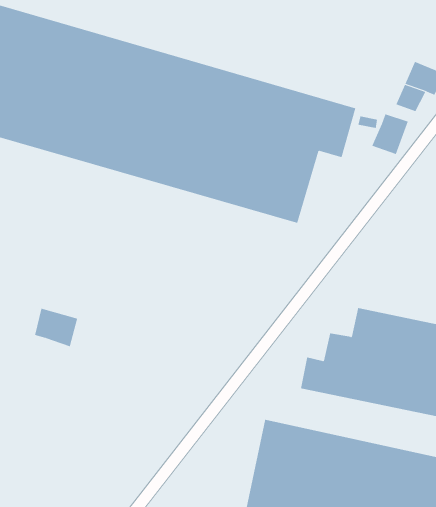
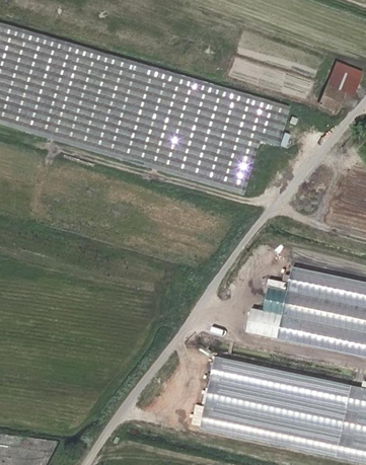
building: [371,114,409,155] -> none
building: [34,308,78,347] -> none

